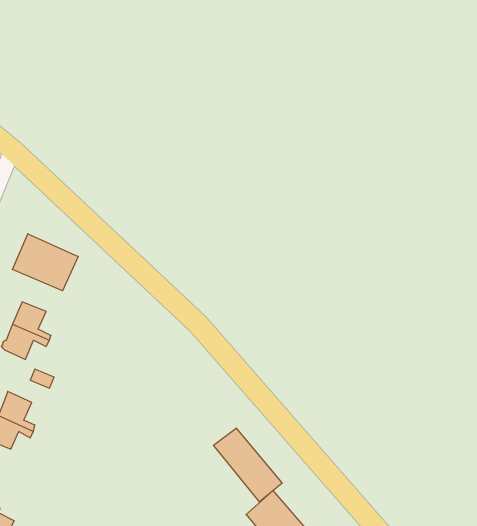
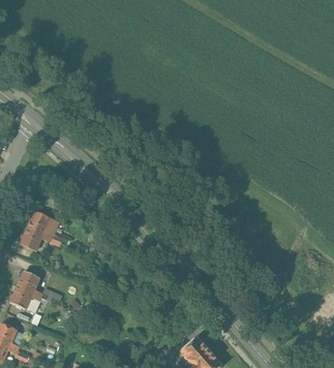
building: [12,234,78,291] -> none
building: [213,428,282,502] -> none

